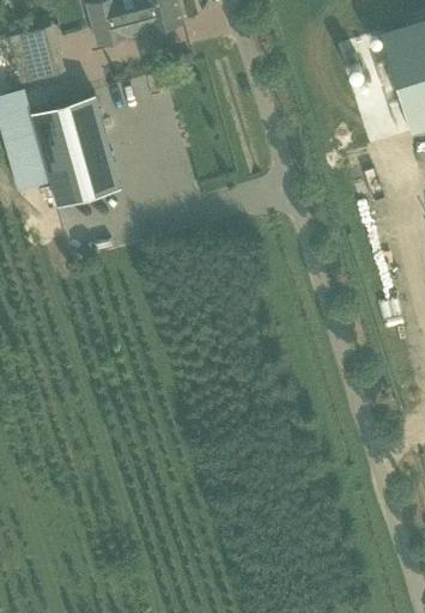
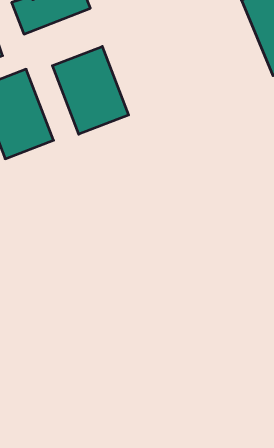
building: none -> [52,46,129,134]

